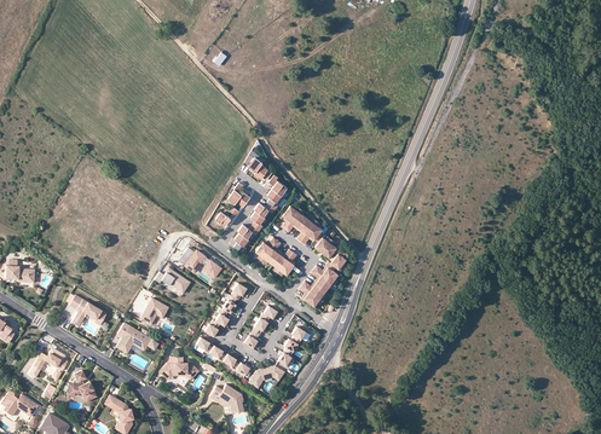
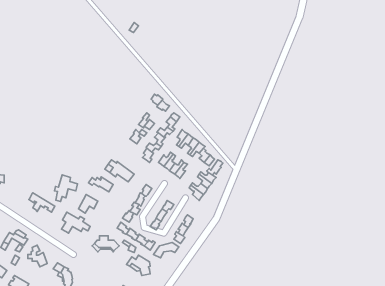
building: none -> [54,175,78,201]

